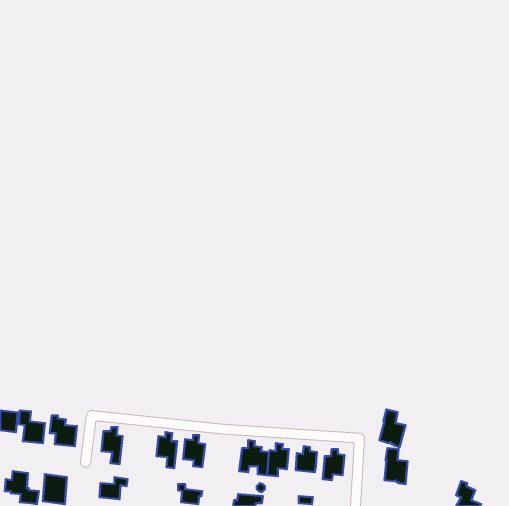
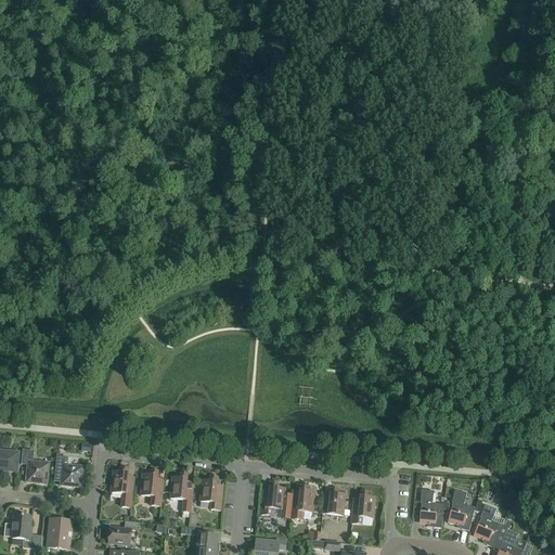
building: [379,409,405,447] -> [447,488,475,529]
building: none -> [140,467,164,504]
building: none -> [473,503,503,545]

